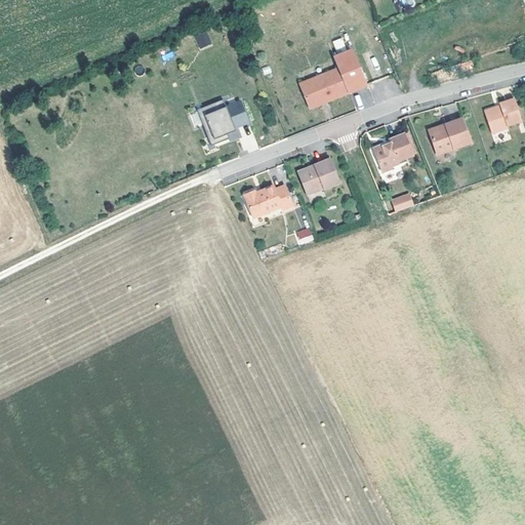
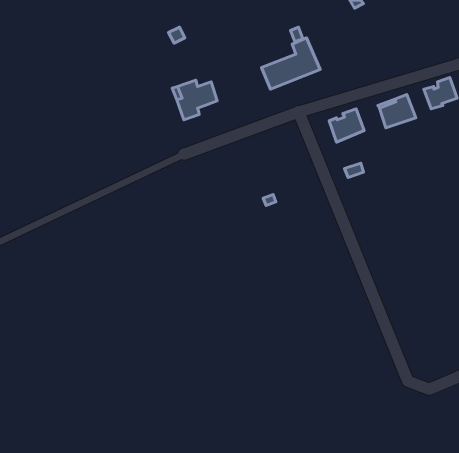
building: [300,158,341,195] -> none
building: [244,183,293,217] -> none

